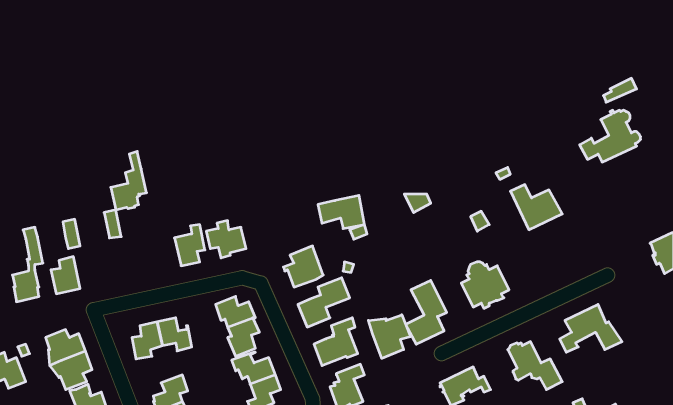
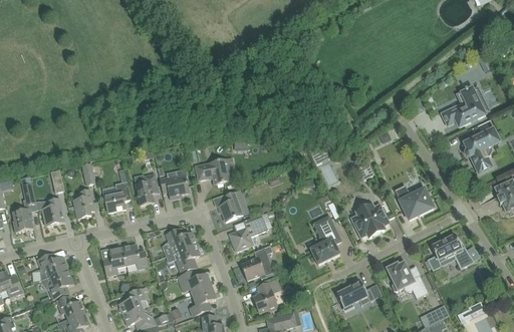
building: [111,151,147,210] -> [103,168,131,212]
building: none -> [463,128,498,172]
building: [510,185,562,230] -> [394,185,433,219]
building: [318,195,364,229] -> [195,158,230,184]
building: none -> [72,190,93,219]
building: [368,315,410,358] -> none

